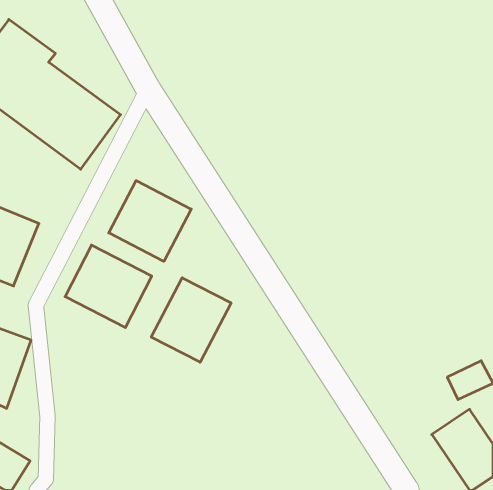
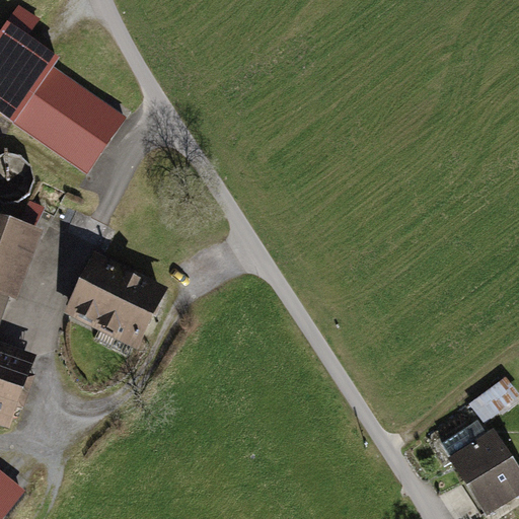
building: [109,181,191,261] -> none
building: [151,278,231,362] -> none

